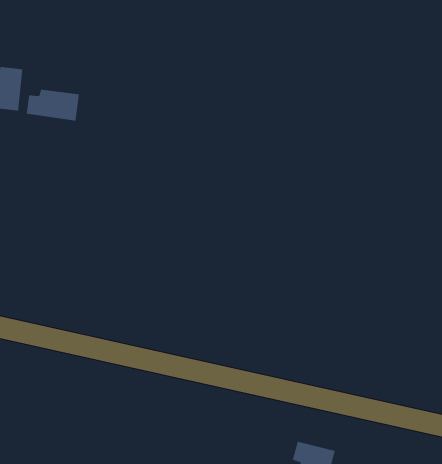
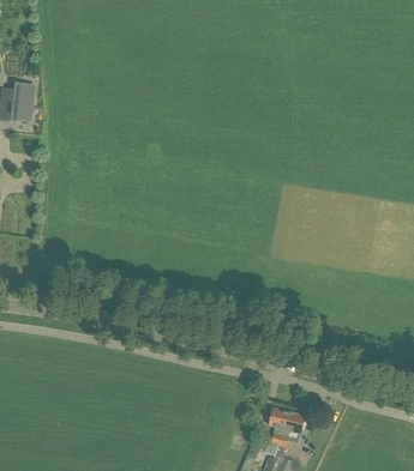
building: [26,89,80,121] -> none

